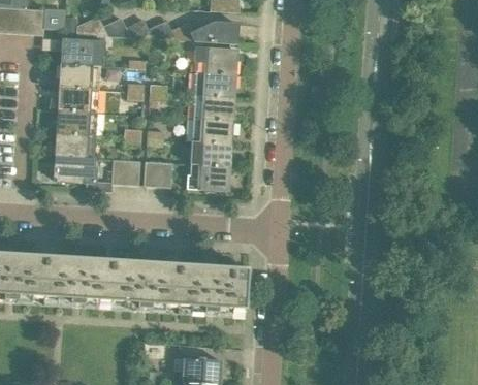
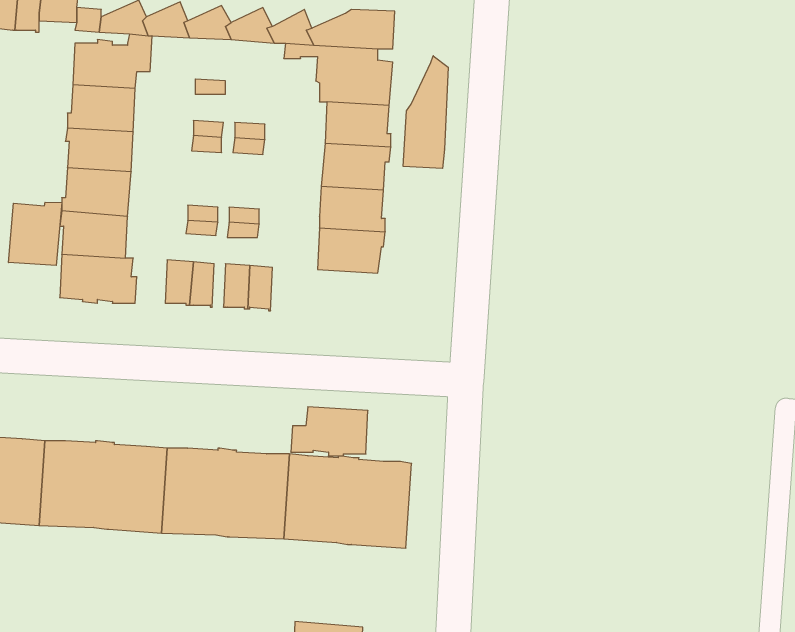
building: none -> [403,56,448,168]
building: none -> [9,202,62,265]
building: [186,162,228,189] -> [291,407,368,456]

